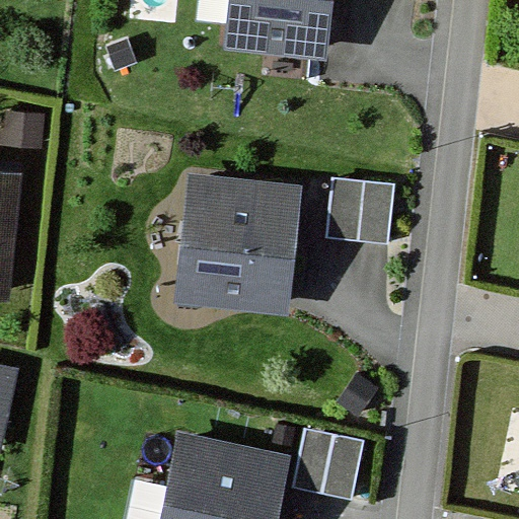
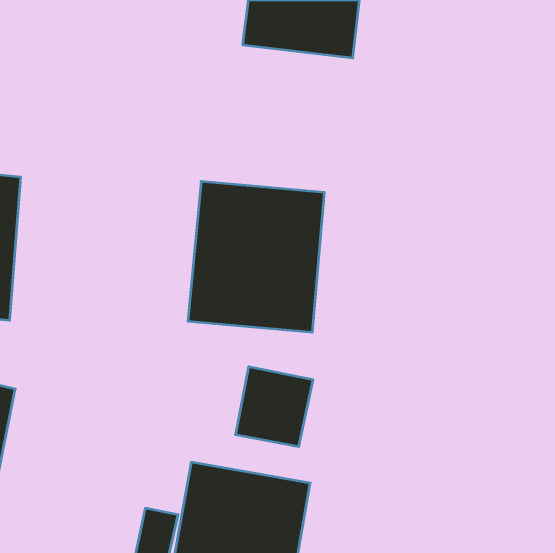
building: [327,169,396,235] -> none
building: [290,427,362,501] -> [235,367,313,446]

